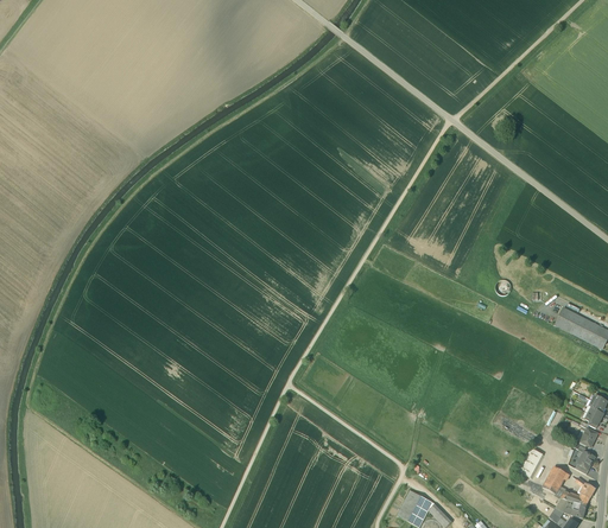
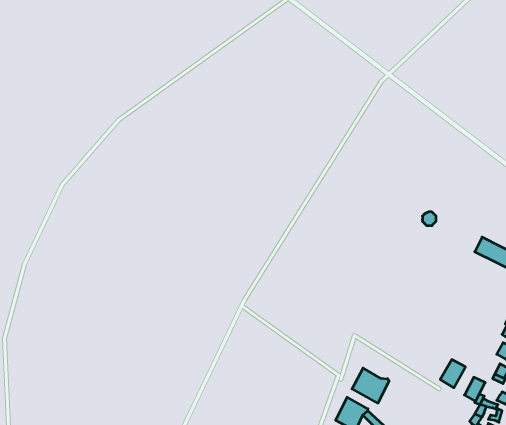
building: none -> [352,368,389,403]

